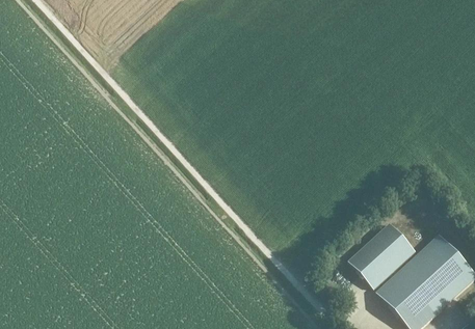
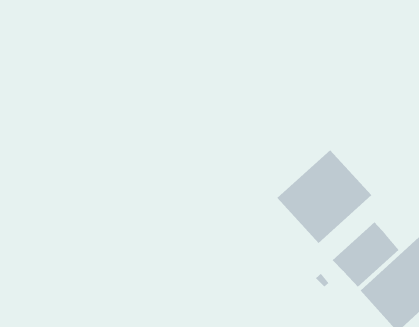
building: none -> [277,149,372,244]

